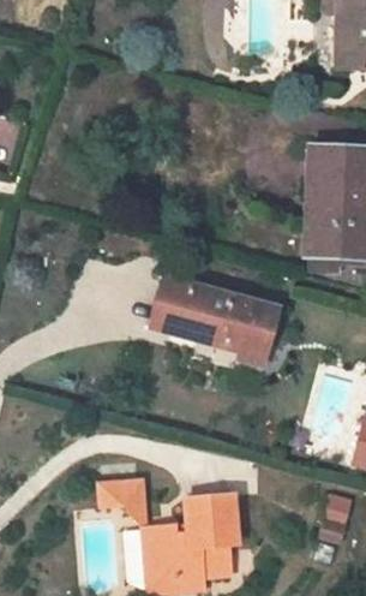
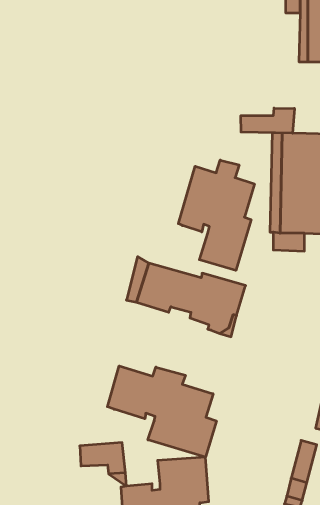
building: none -> [241,108,294,133]
building: none -> [178,160,254,270]
building: none -> [107,366,216,457]

